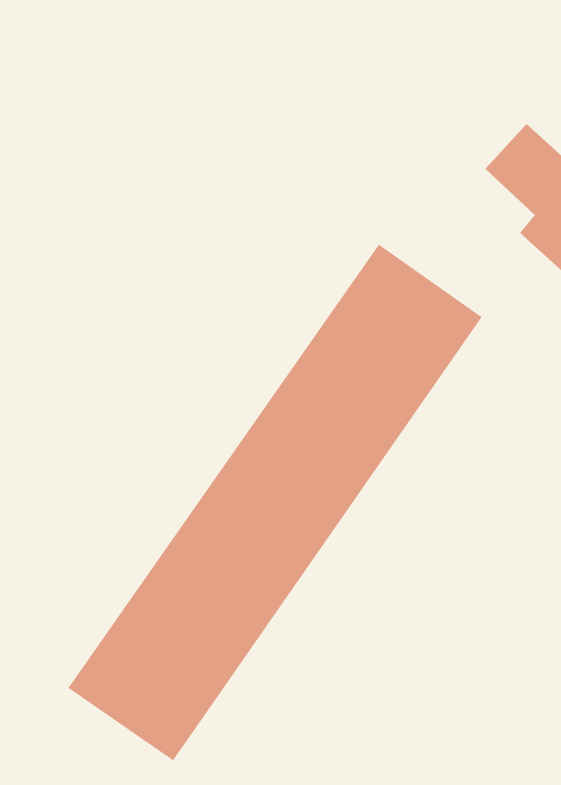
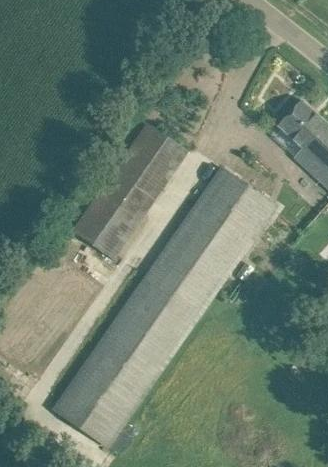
building: none -> [73,125,186,259]

